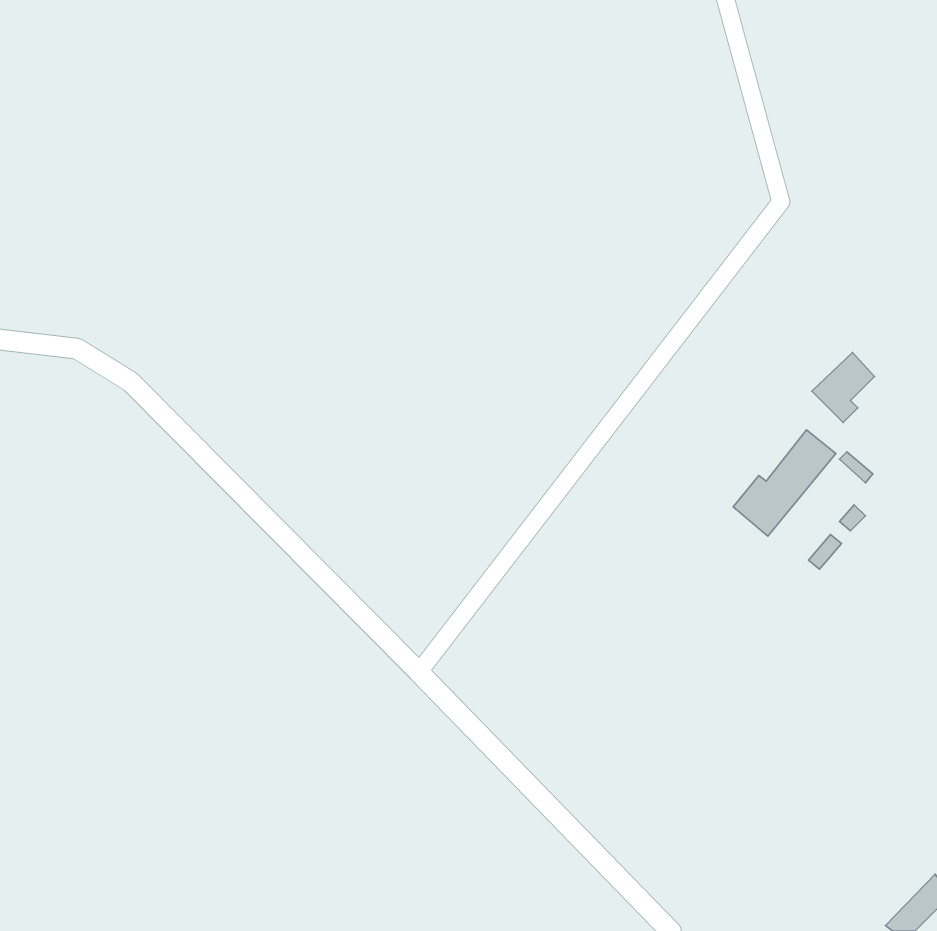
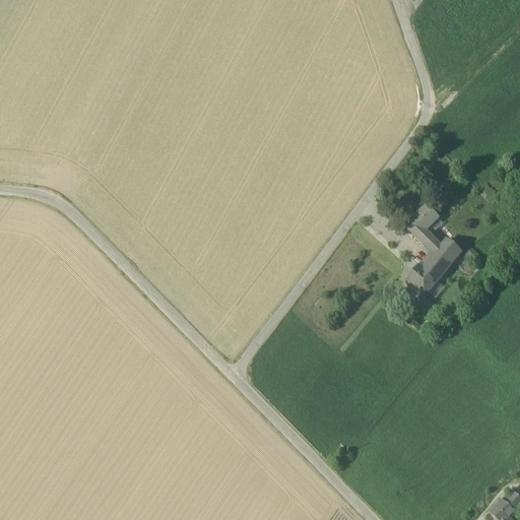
building: [812,353,874,422] -> [405,203,440,242]

